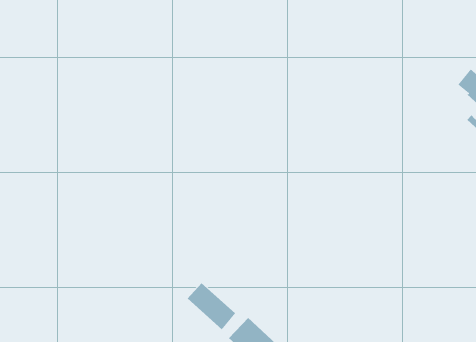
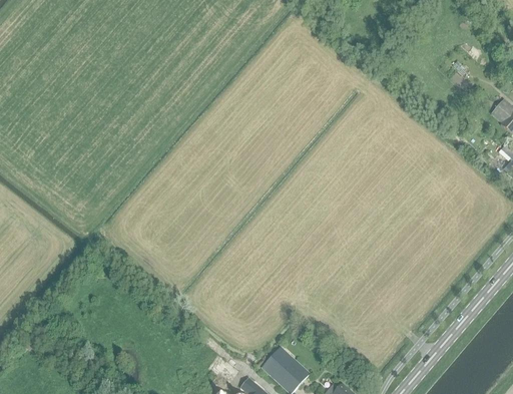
building: [187,282,236,330] -> none

